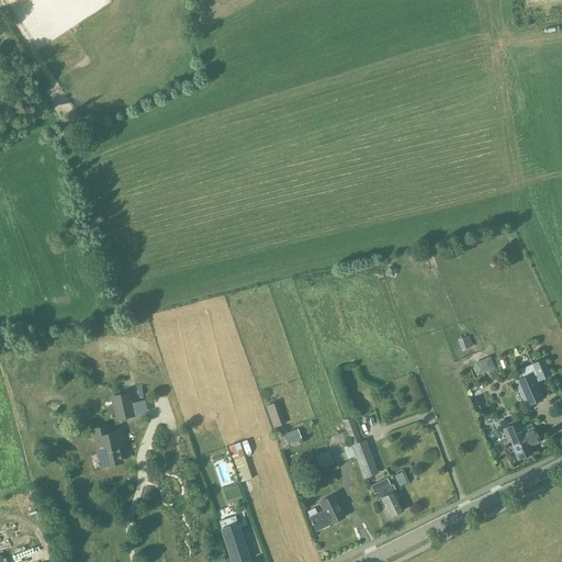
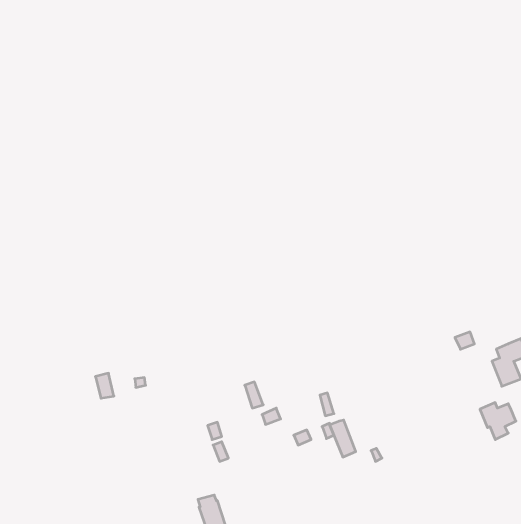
building: [94,427,126,462] -> none
building: [372,477,404,517] -> none
building: [311,496,346,531] -> none

